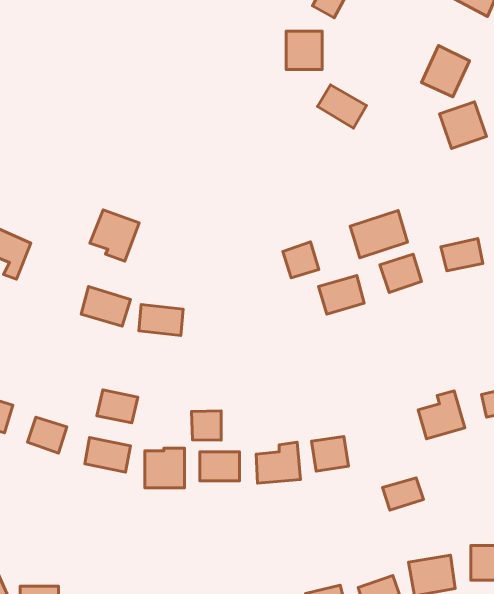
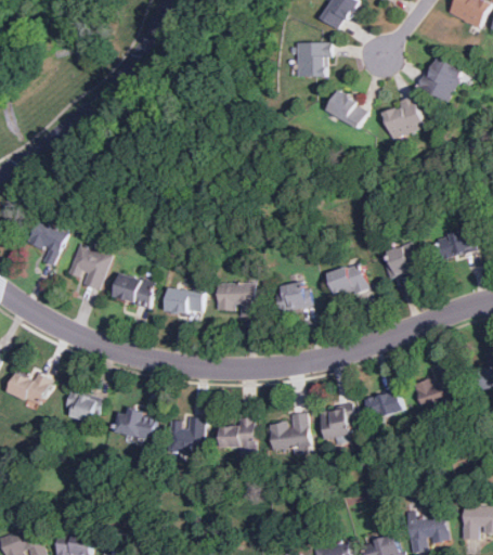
building: [440,102,486,149] -> [380,98,423,140]
building: [90,210,139,261] -> [66,244,111,291]
building: [350,211,408,258] -> none
building: [283,242,319,278] -> [278,280,311,312]
building: none -> [216,283,254,317]
building: [97,390,138,423] -> none
building: [192,411,221,440] -> none
building: [383,478,423,510] -> [365,391,402,421]

